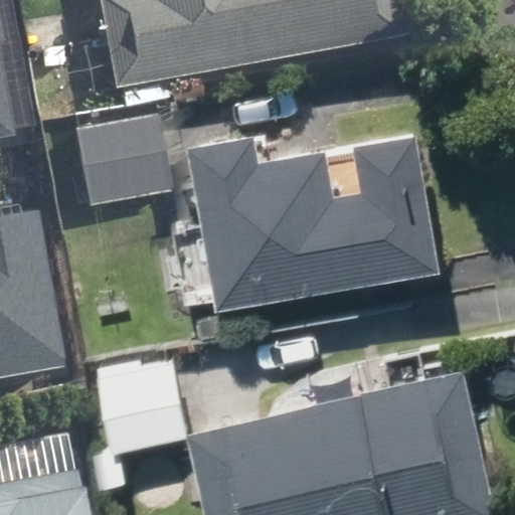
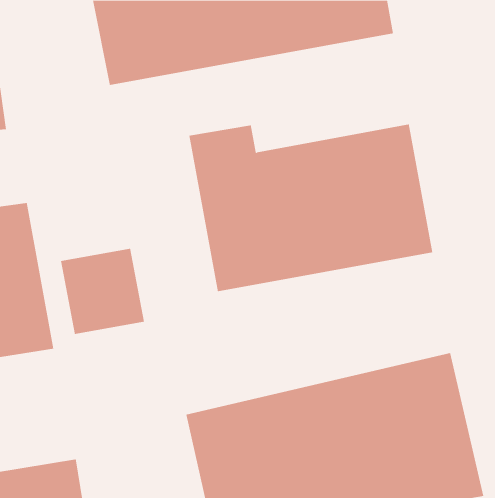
building: [66,118,169,217] -> none
building: [97,356,183,445] -> [60,248,145,334]

